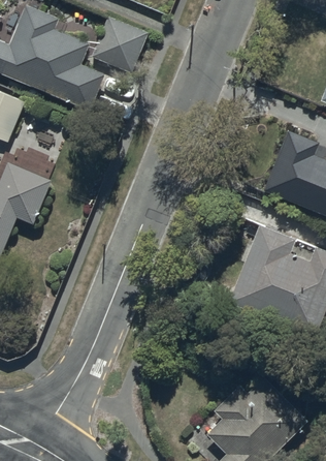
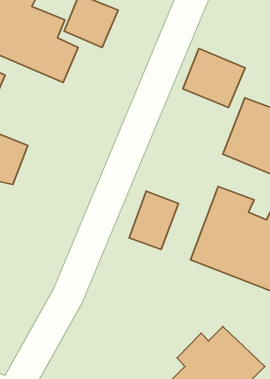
building: none -> [183,49,245,107]
building: none -> [129,191,179,249]

